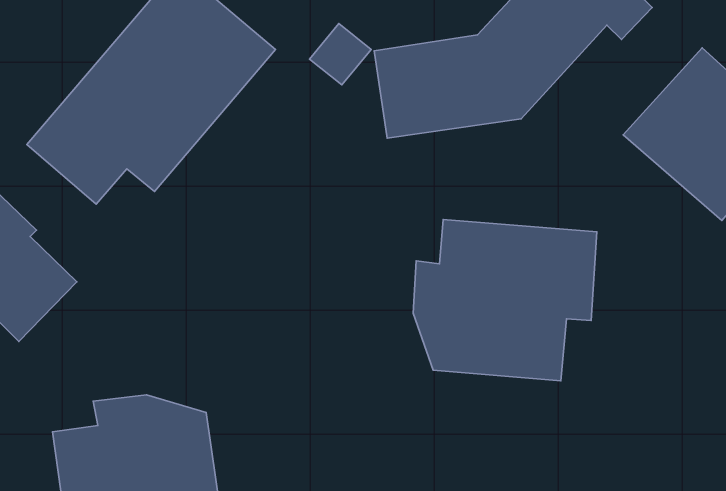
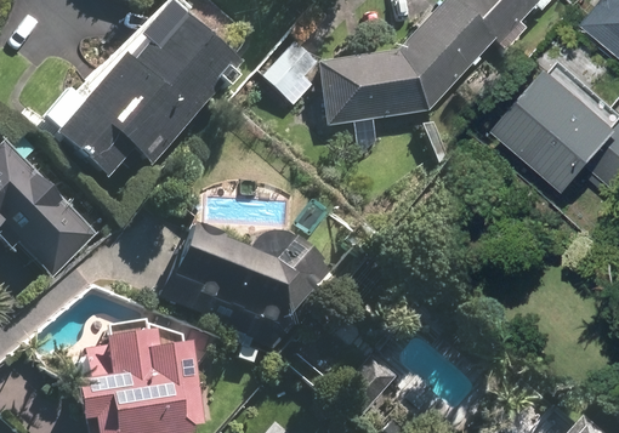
building: [413,220,597,381] -> none
building: none -> [158,222,334,323]

